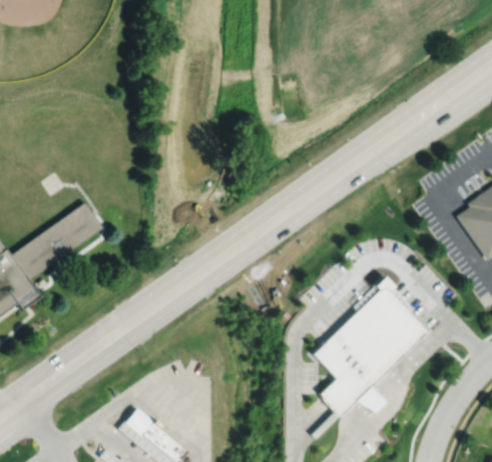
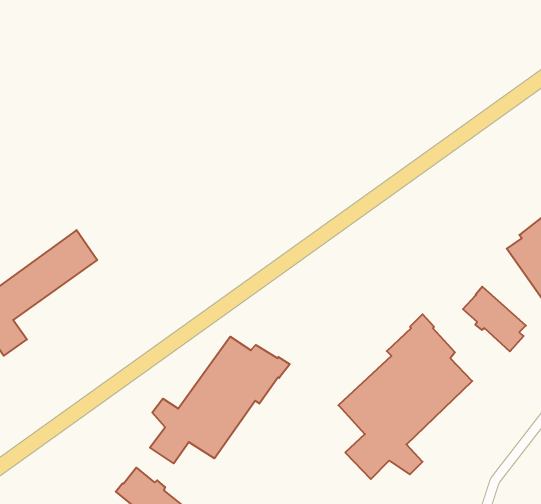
building: none -> [463,287,526,351]
building: none -> [150,337,290,463]

